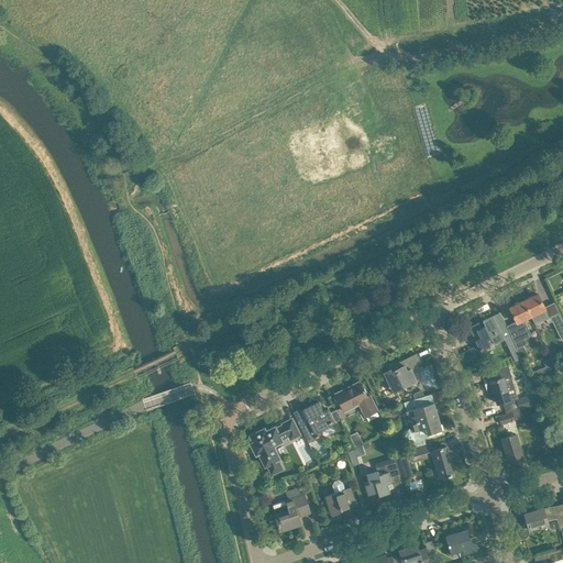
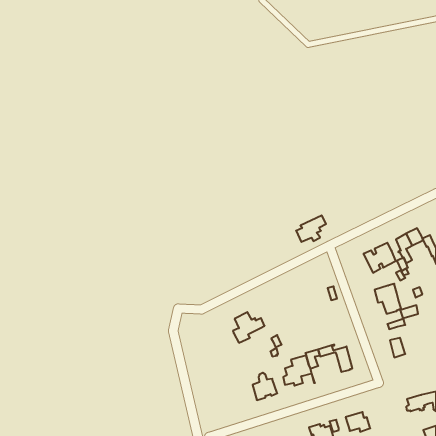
building: [384,354,422,388] -> [296,215,326,242]
building: [335,383,376,415] -> none
building: [405,395,442,443] -> none
building: [251,420,300,466] -> none
building: [274,495,309,532] -> none

